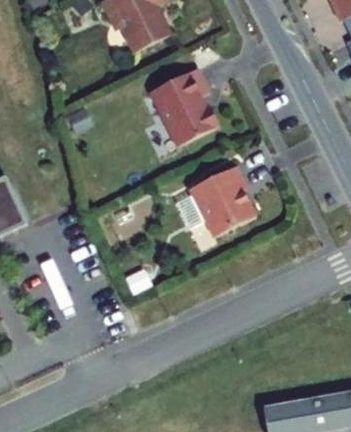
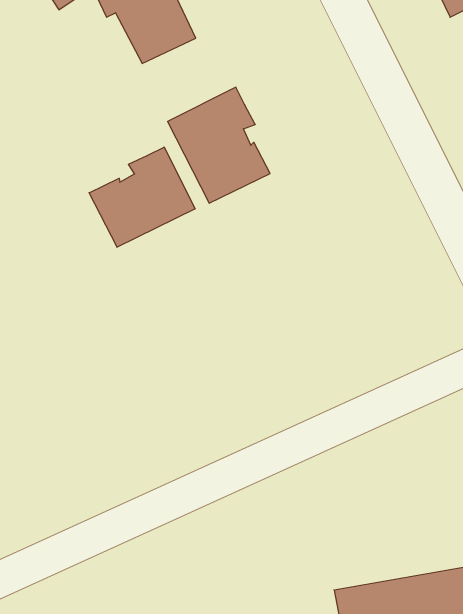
building: none -> [89,147,195,247]
building: [192,166,256,236] -> none

